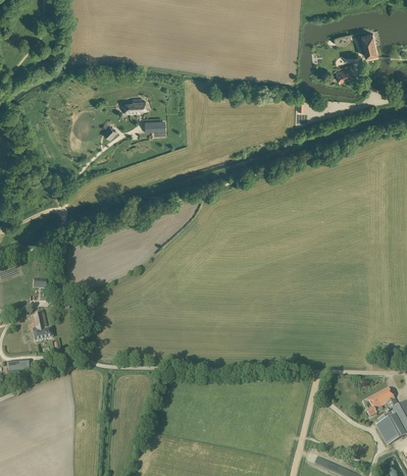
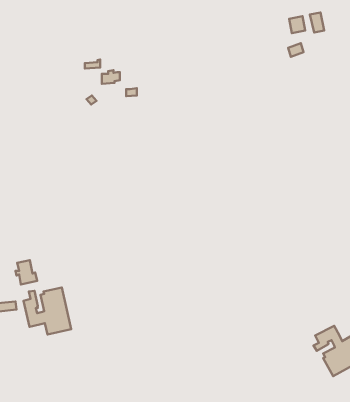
building: none -> [23,288,71,335]

